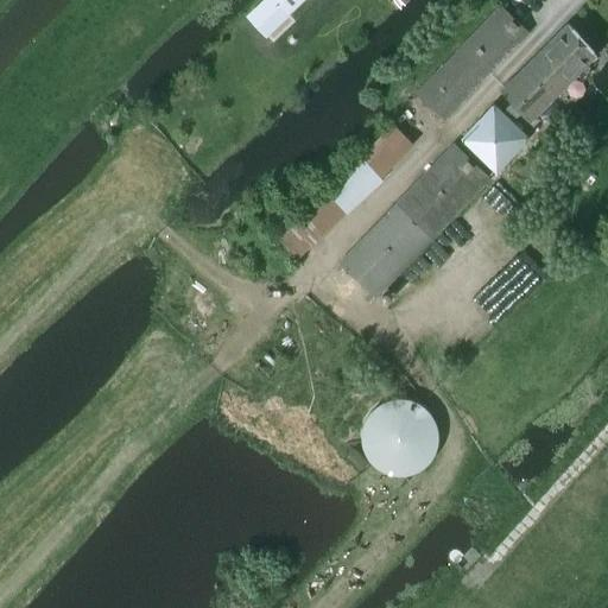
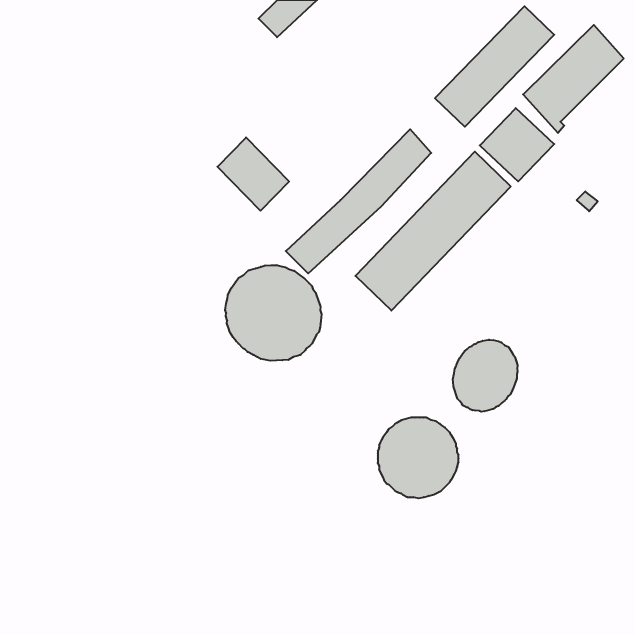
building: none -> [217,137,289,211]
building: none -> [225,265,322,361]
building: none -> [453,340,517,412]

